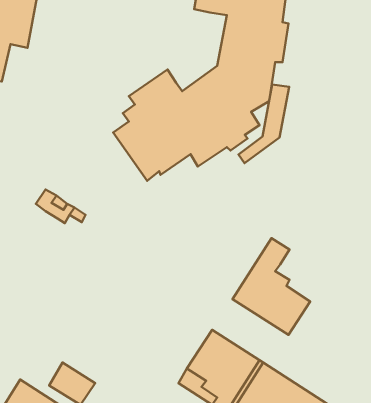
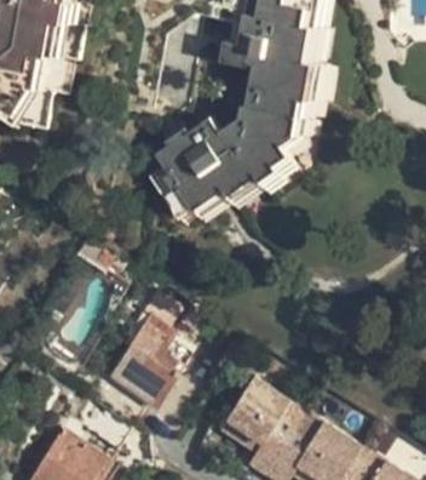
building: [238,84,289,163] -> [213,56,264,135]
building: [232,238,310,335] -> none
building: none -> [105,284,186,406]

